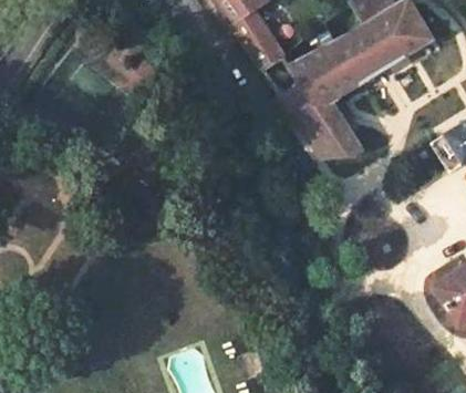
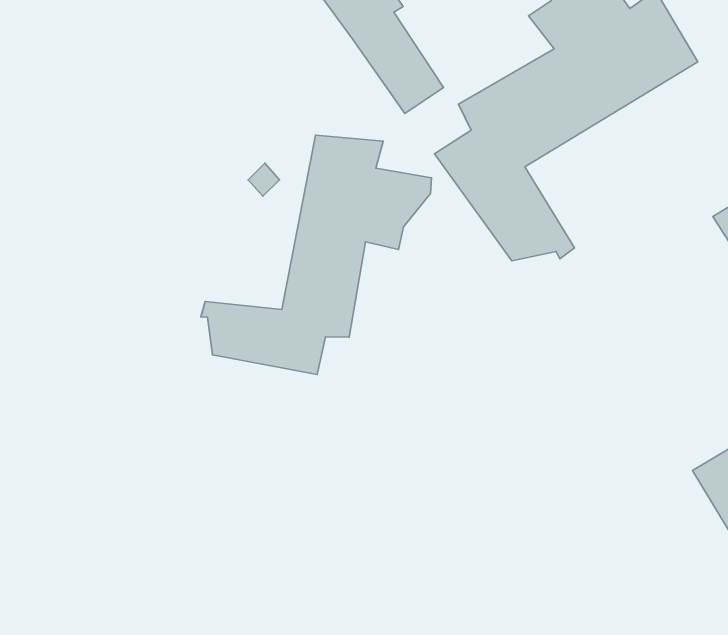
building: none -> [201,135,432,375]

